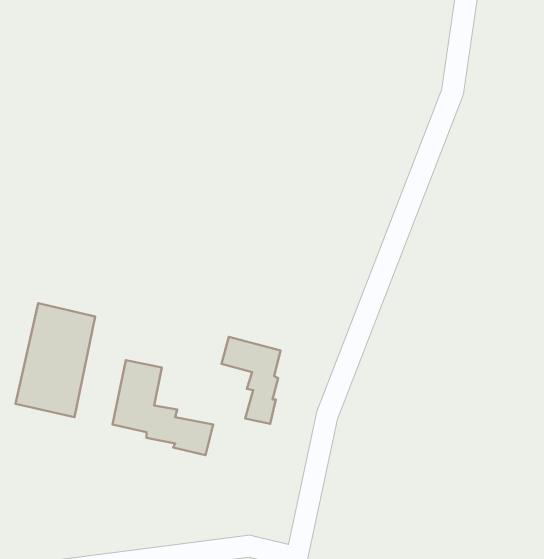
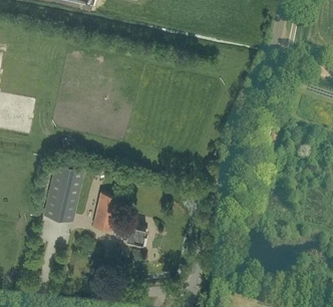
building: [222,337,281,424] -> none

